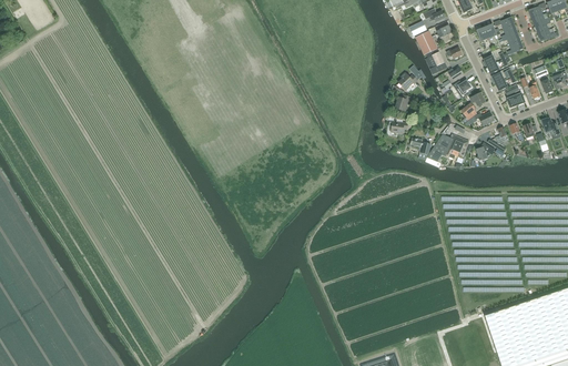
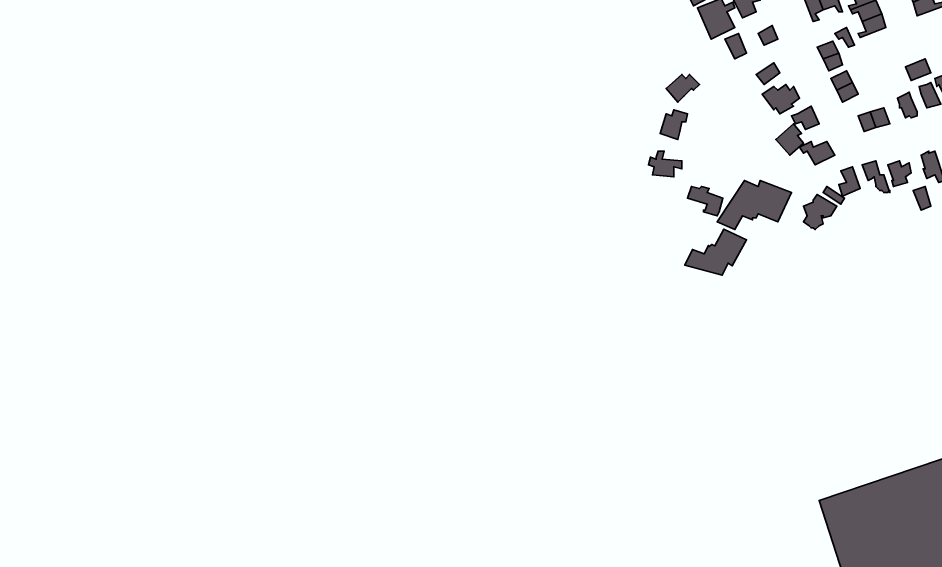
building: none -> [685,229,747,275]

